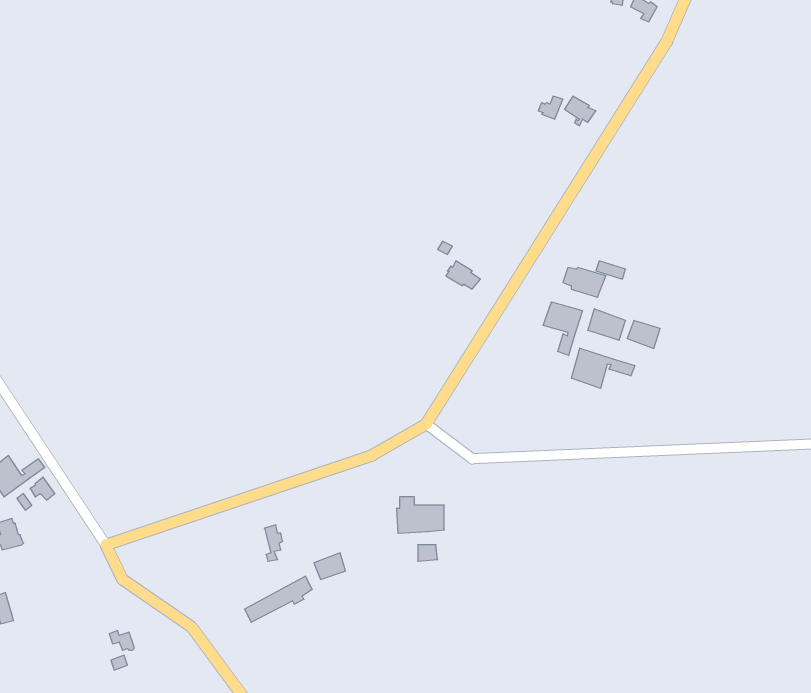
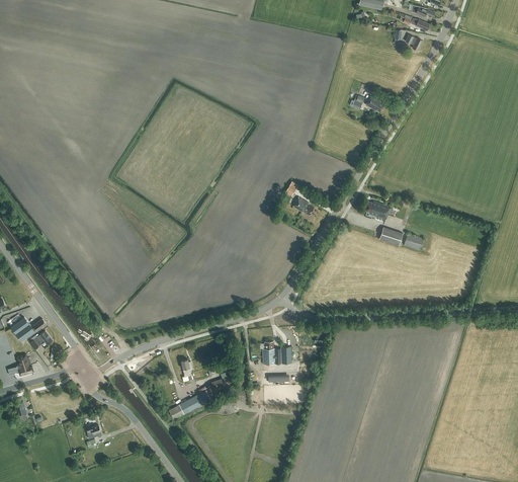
building: [543,302,583,356] -> none
building: [571,348,635,388] -> none

